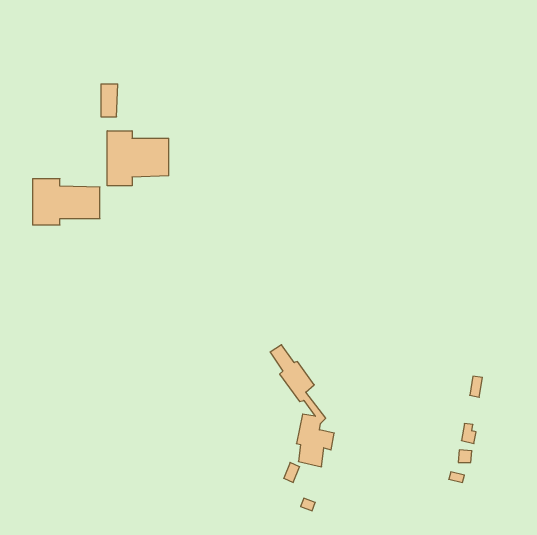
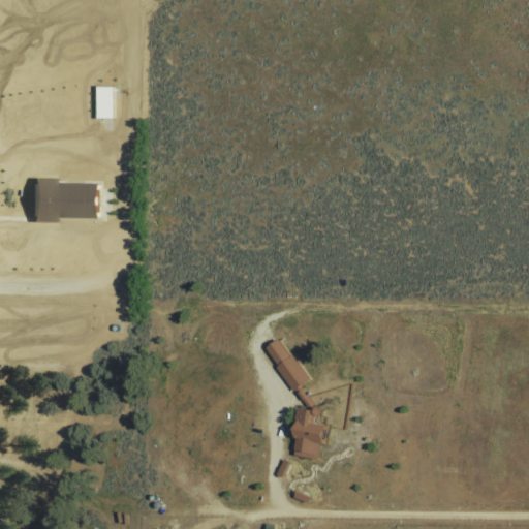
building: [107,131,169,186] -> none

